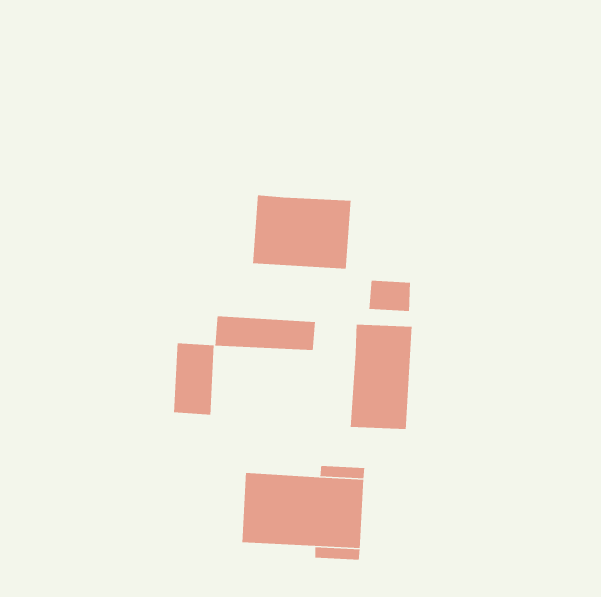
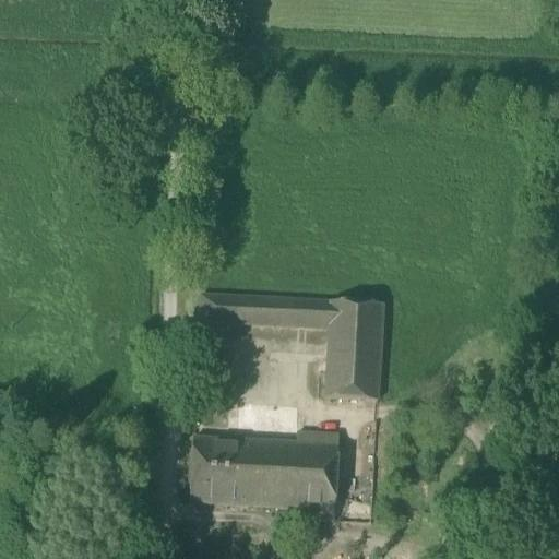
building: [252,195,351,269] -> none
building: [368,280,411,312] -> [292,298,331,328]
building: [173,342,215,415] -> [190,436,228,503]

